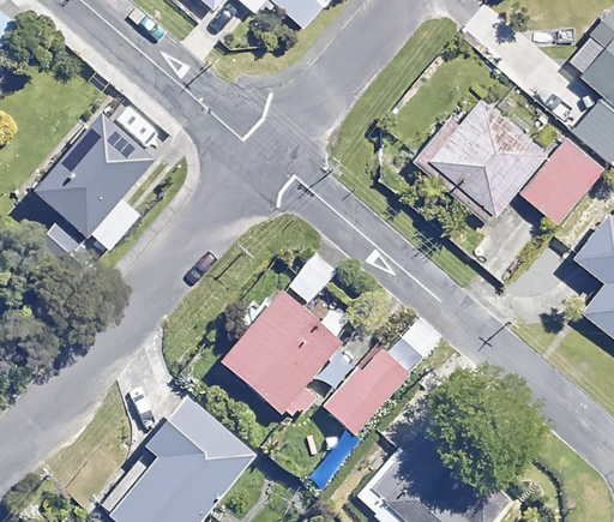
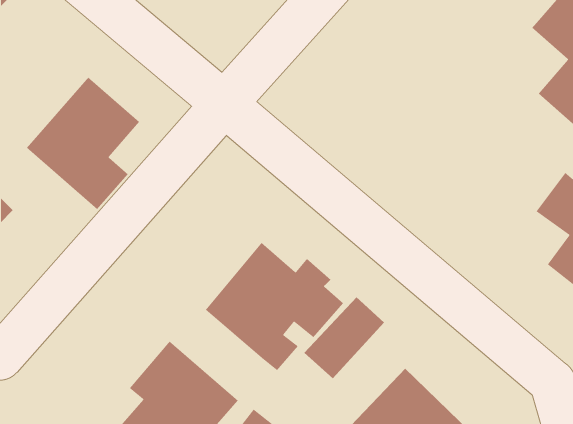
building: [415,91,602,226] -> none

